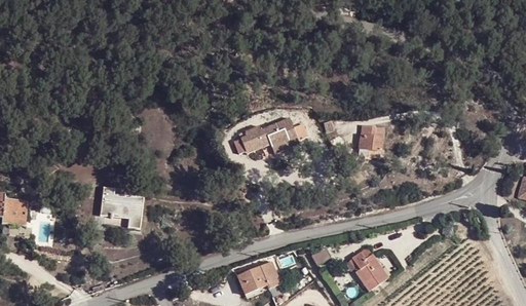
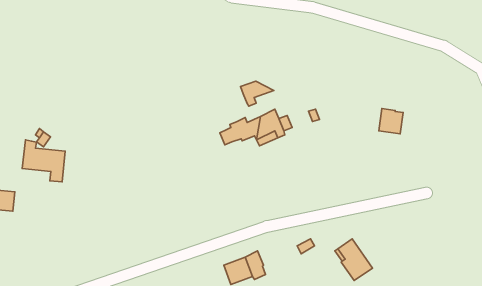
building: none -> [240,81,274,106]
building: [359,125,383,151] -> [379,108,403,134]
building: [100,187,143,229] -> [22,140,65,182]

